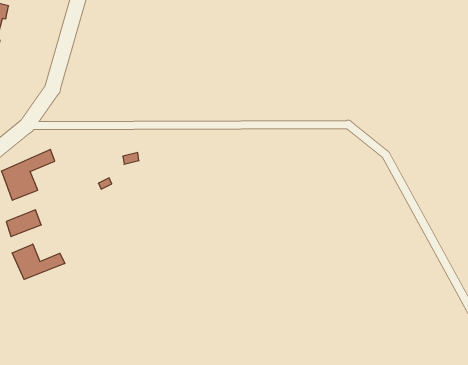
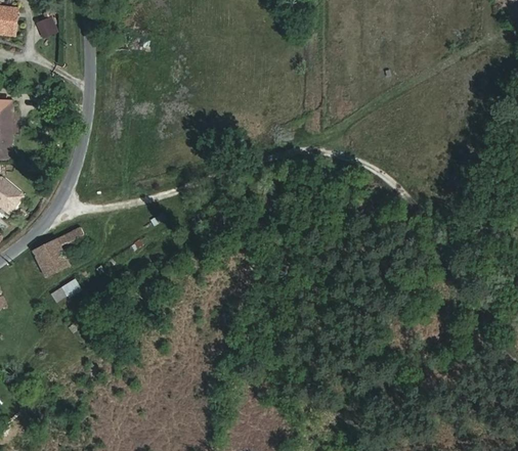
building: [12,244,65,279] -> none

